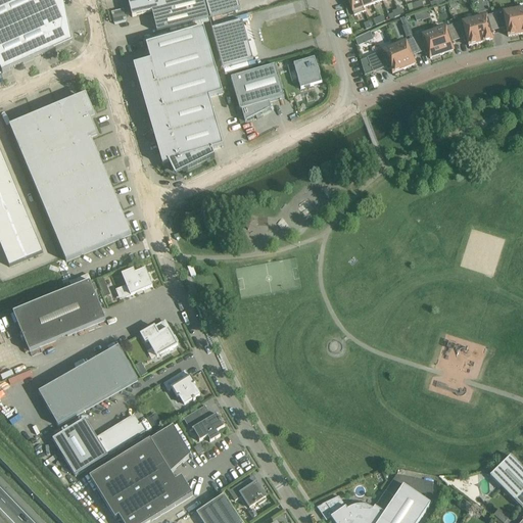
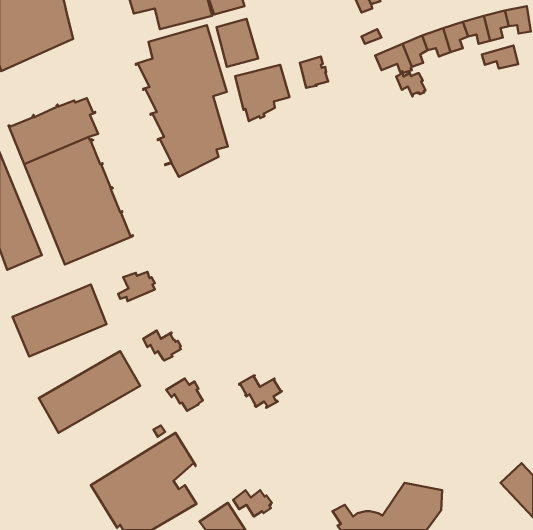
building: none -> [482,46,518,68]
building: none -> [396,73,425,97]
building: [182,409,224,440] -> [239,375,282,408]
building: [51,413,146,473] -> none

